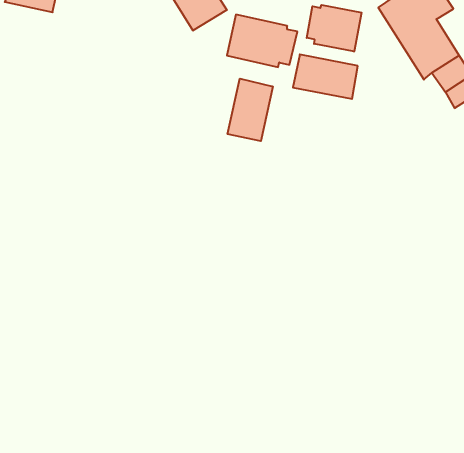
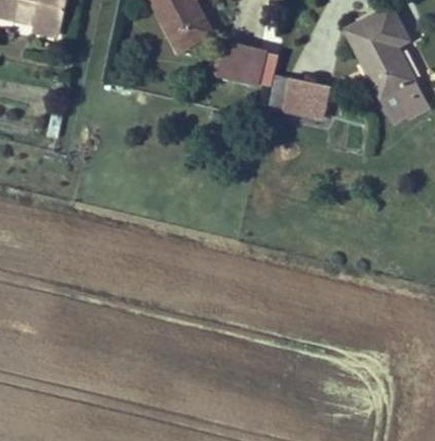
building: [307,5,362,52] -> none
building: [228,79,273,141] -> none

